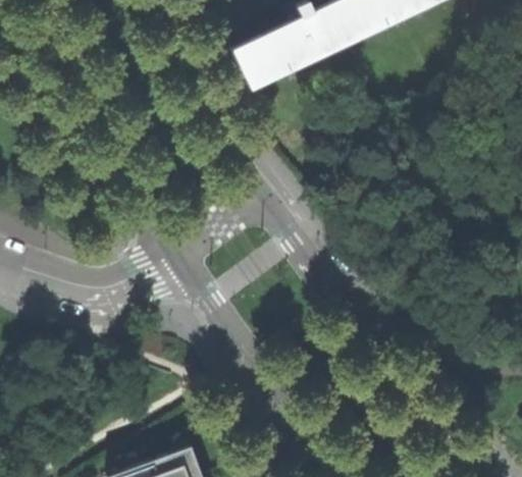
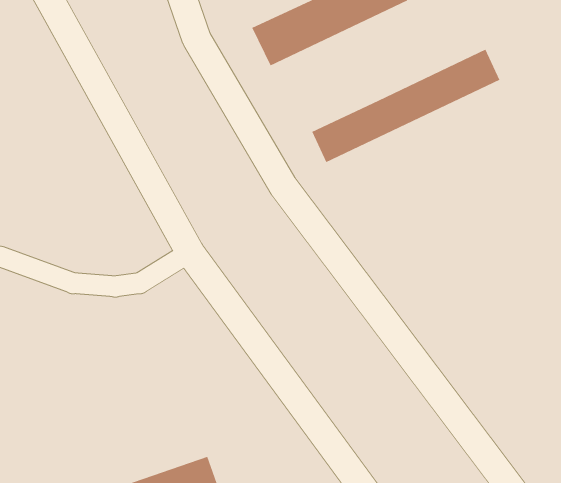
building: none -> [311,48,500,163]

